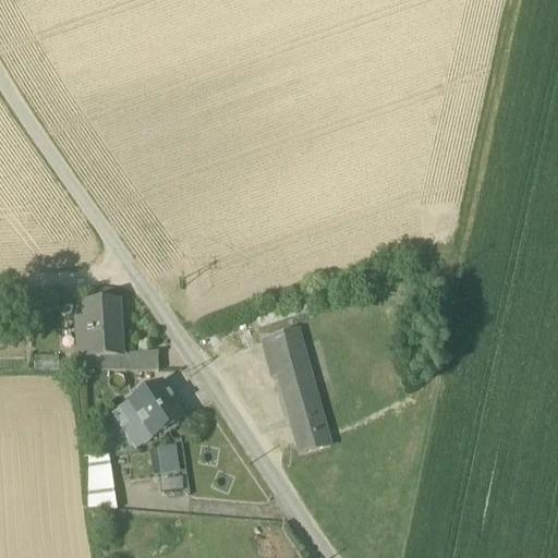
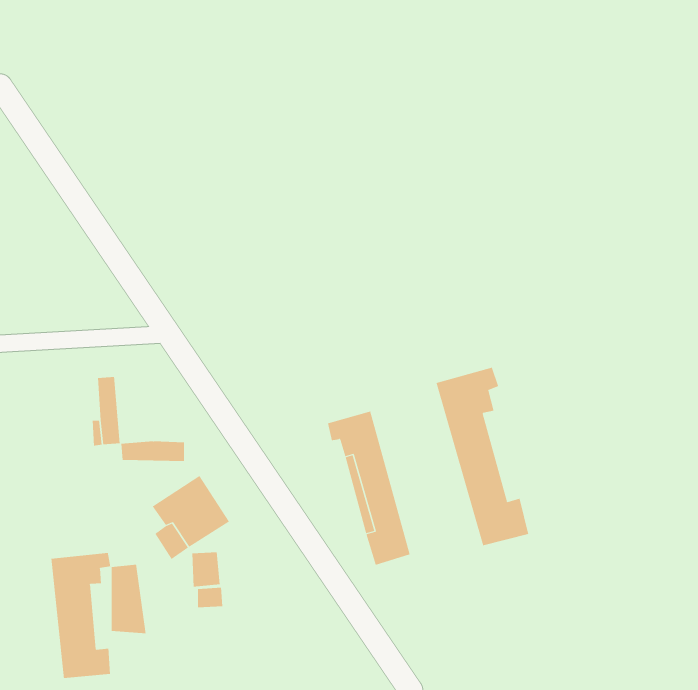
building: none -> [436,367,529,546]
building: [93,298,123,353] -> none
building: none -> [51,552,111,679]

